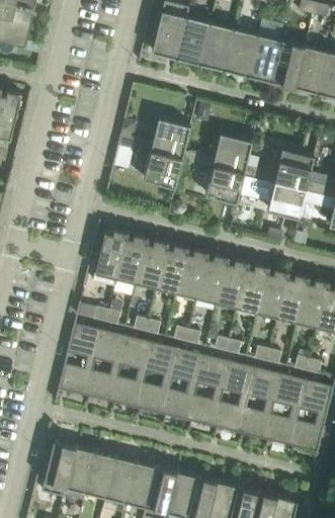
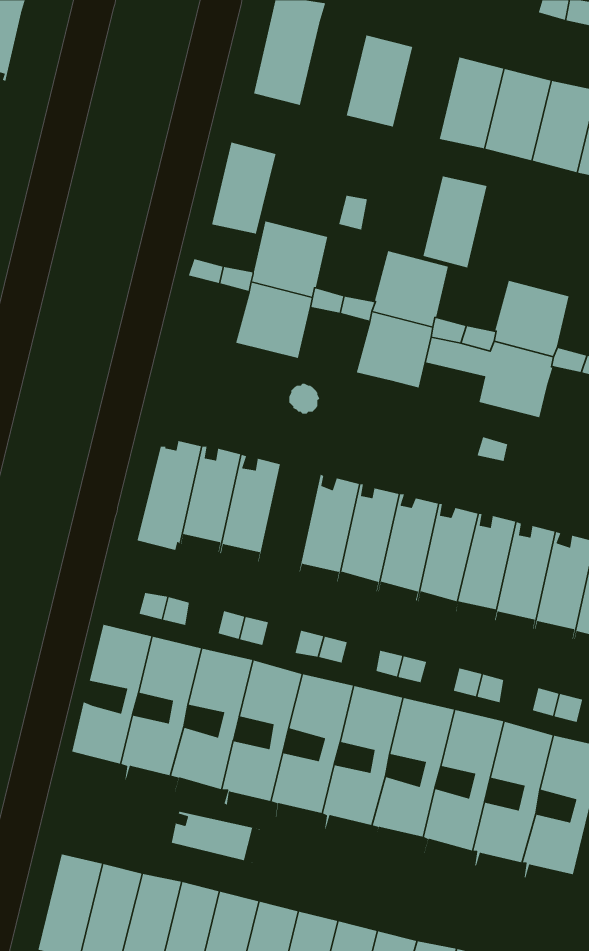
building: [175,16,208,64] -> [211,142,276,235]
building: [223,28,256,76] -> [422,176,488,268]
building: [154,242,185,297] -> none
building: none -> [171,811,262,863]

